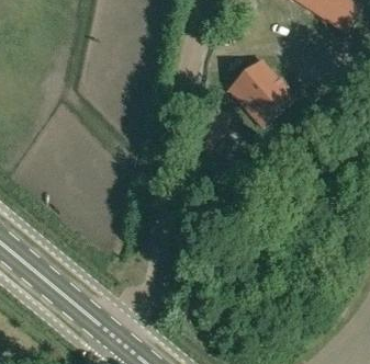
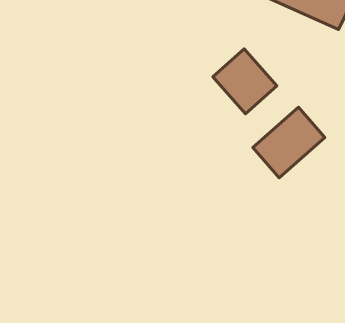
building: none -> [253,107,325,178]

